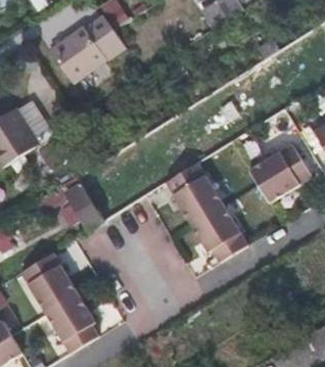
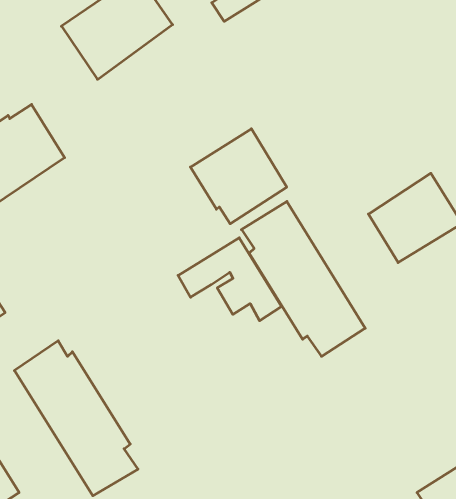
building: none -> [190,129,287,224]
building: [36,176,103,230] -> [178,238,281,321]

